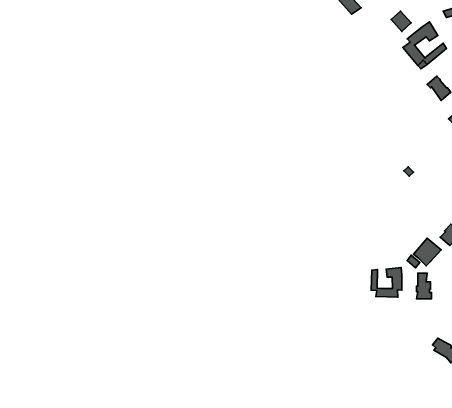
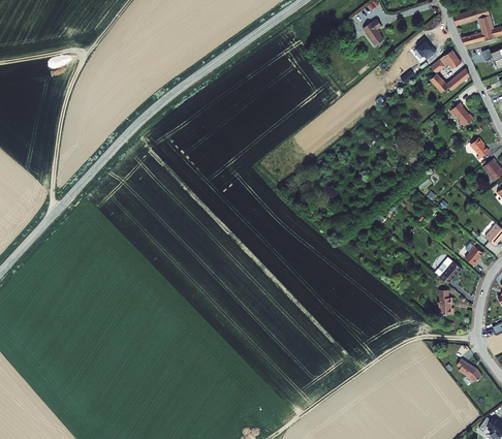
building: [371,268,402,297] -> none

